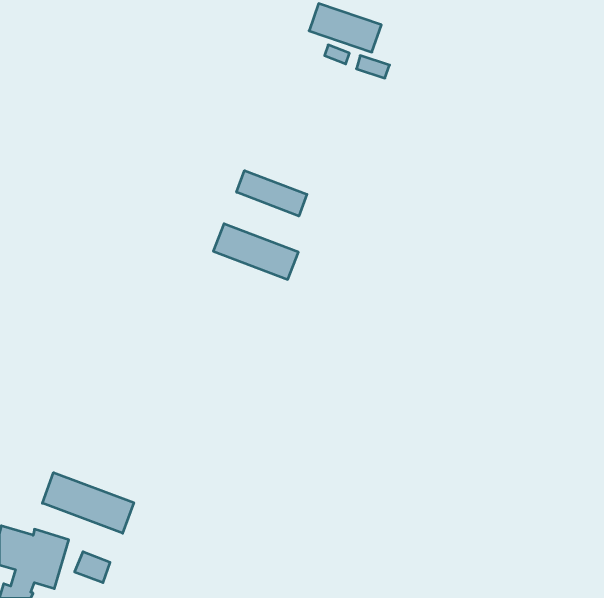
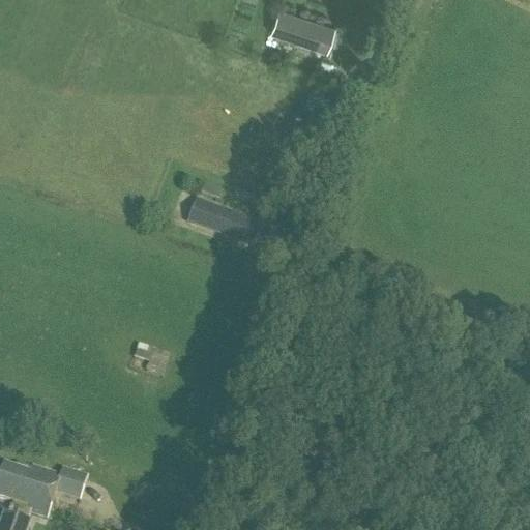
building: [237,171,307,216] -> none
building: [42,473,134,533] -> none

